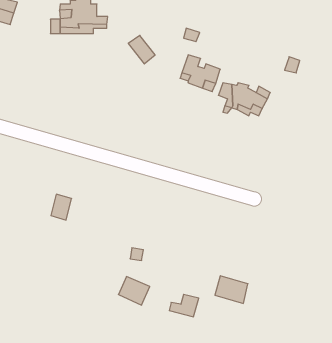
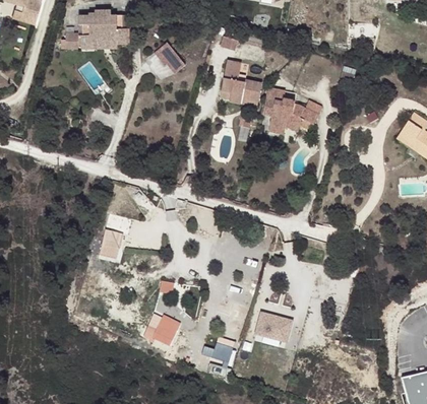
building: [51,194,72,220] -> [100,230,123,260]

